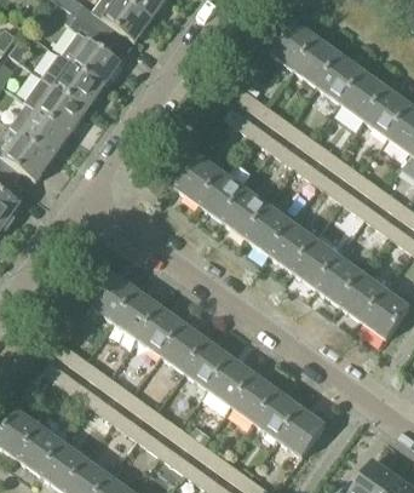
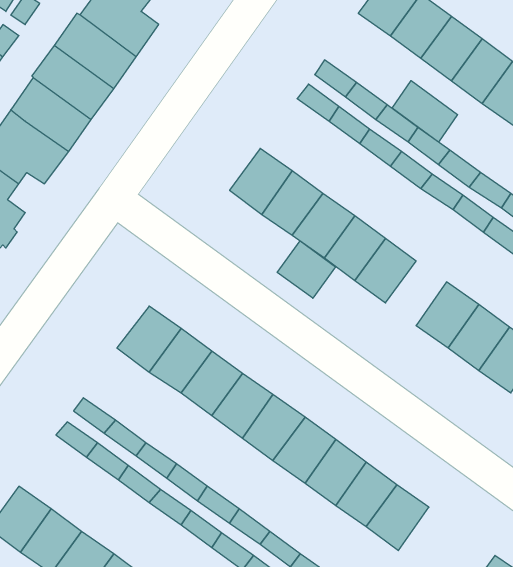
building: none -> [392,81,458,142]
building: none -> [277,241,336,298]
building: [291,239,337,287] -> none

